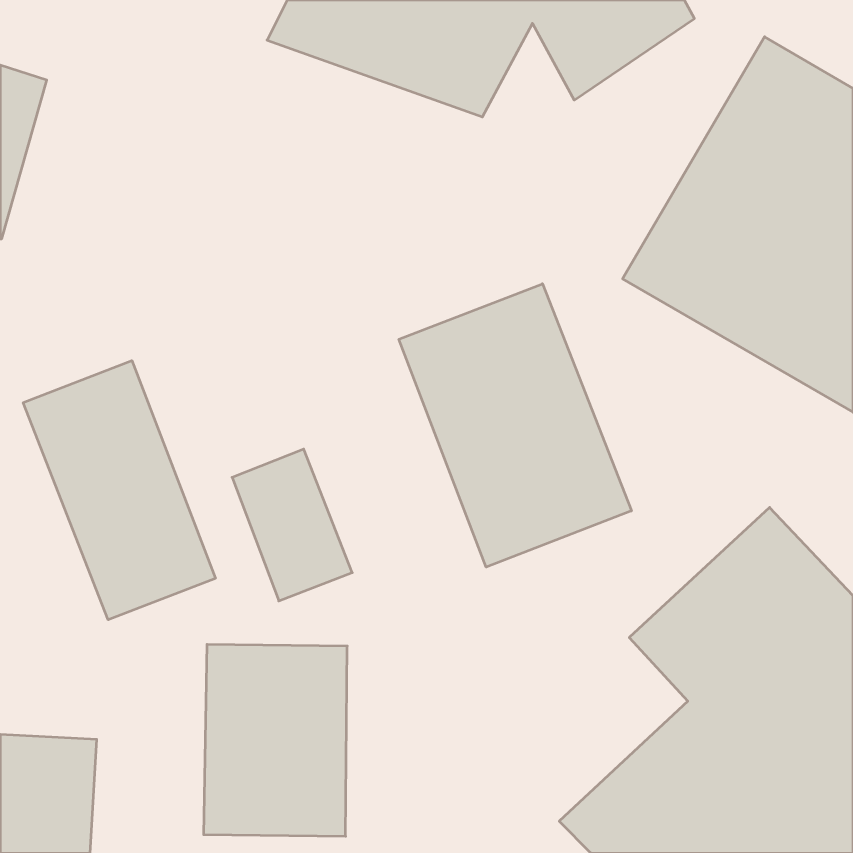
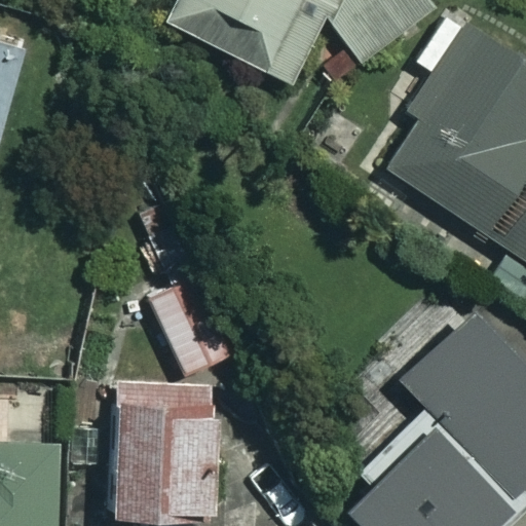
building: [399,284,631,567] -> none
building: [23,361,215,620] -> none

